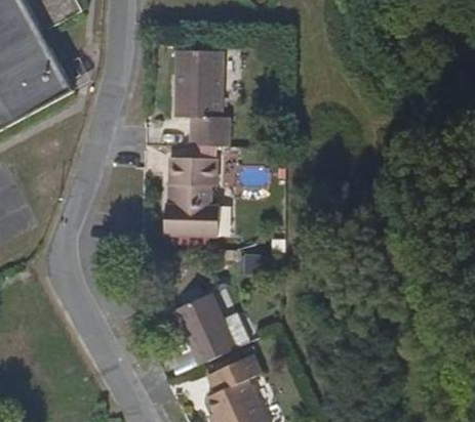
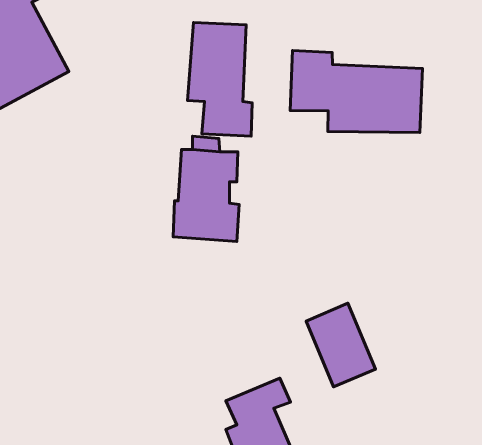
building: none -> [290,50,423,133]
building: [175,293,235,365] -> [306,303,376,387]

